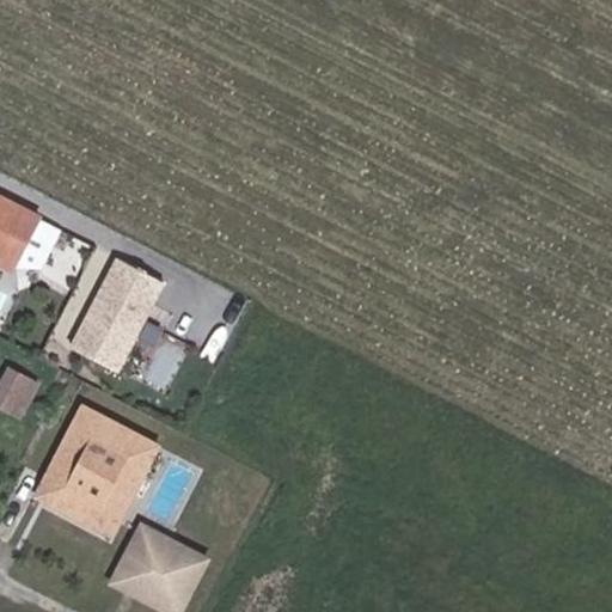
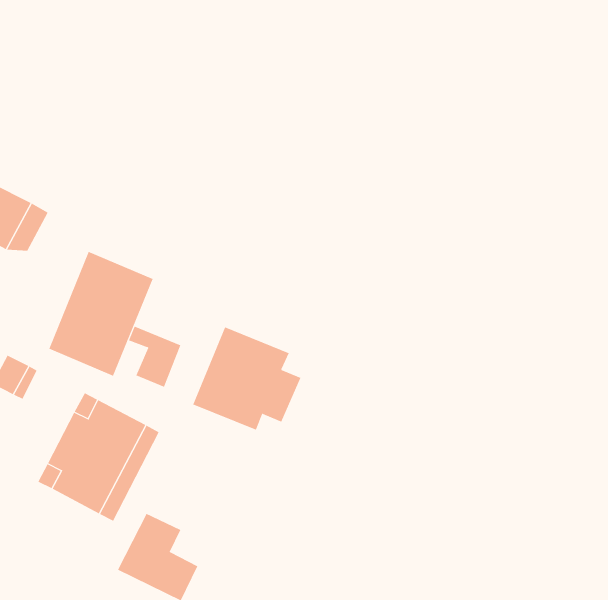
building: none -> [193,326,301,430]

